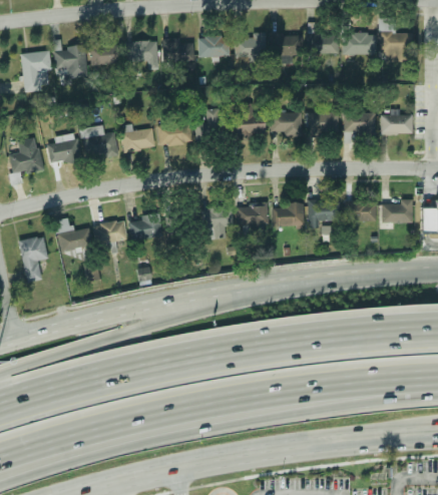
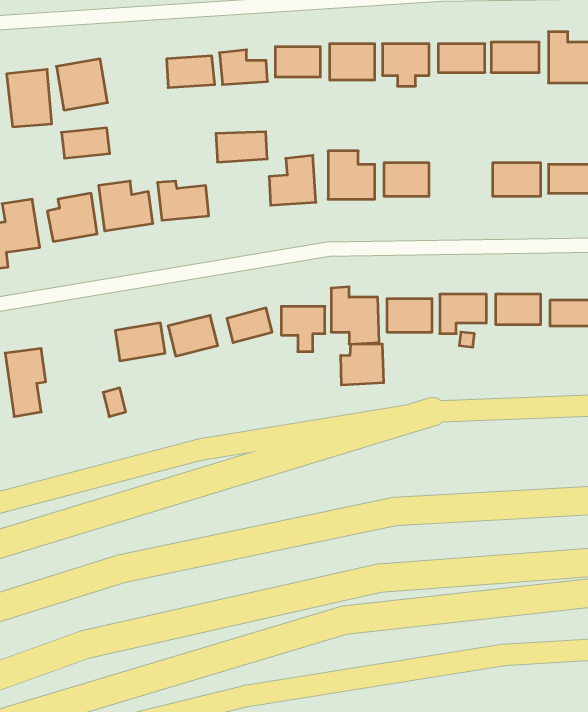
building: [89,45,121,65] -> [61,128,110,158]
building: [309,113,338,134] -> none
building: [157,125,191,145] -> [216,132,267,162]
building: [55,219,91,252] -> none
building: none -> [341,344,384,385]

